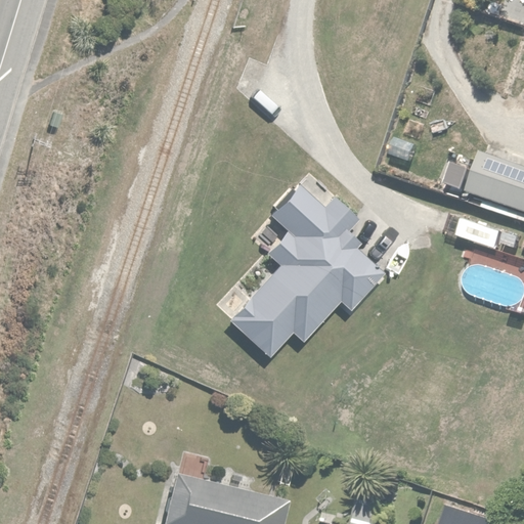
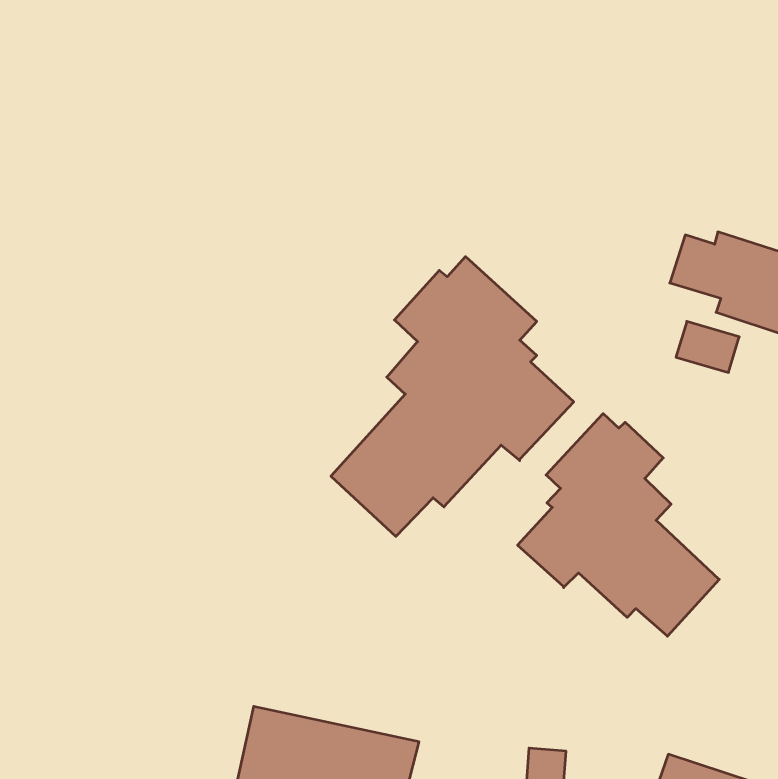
building: none -> [518,414,719,636]

